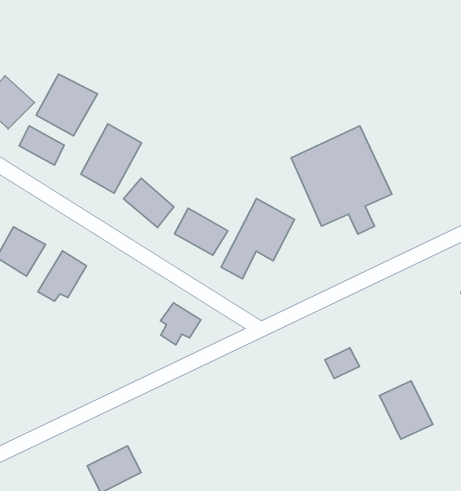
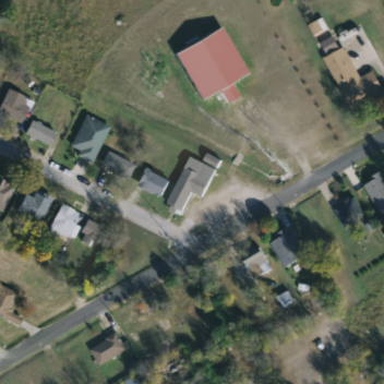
building: [36,74,98,136] -> none
building: [291,126,392,234] -> [175,26,245,100]
building: [161,303,201,345] -> [77,216,105,244]
building: [379,381,433,439] -> [271,227,309,267]

